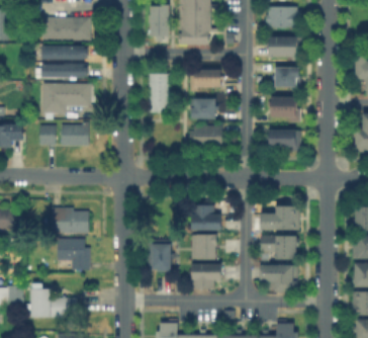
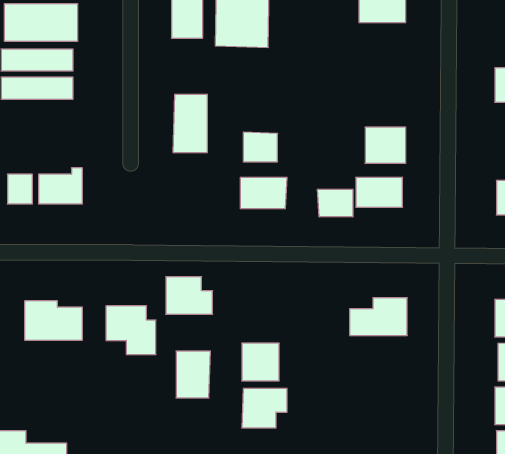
building: [270,36,300,57] -> none
building: [275,67,300,86] -> none
building: [194,70,220,87] -> none
building: [42,83,90,113] -> none
building: none -> [317,189,353,217]
building: [191,205,221,230] -> [166,277,213,314]
building: [261,236,297,259] -> none
building: [58,239,90,270] -> [106,306,156,354]
building: [260,265,299,292] -> none

